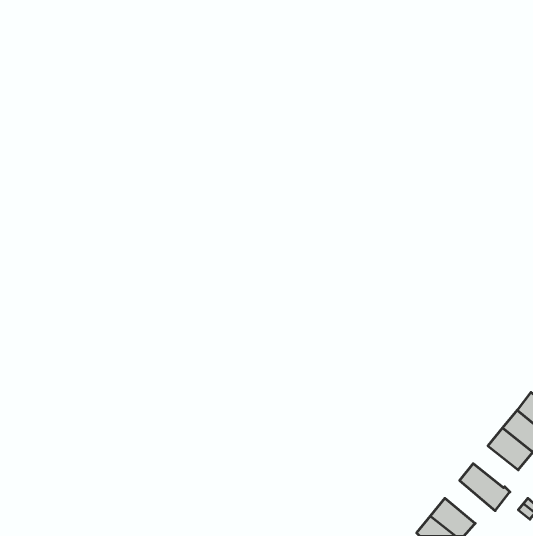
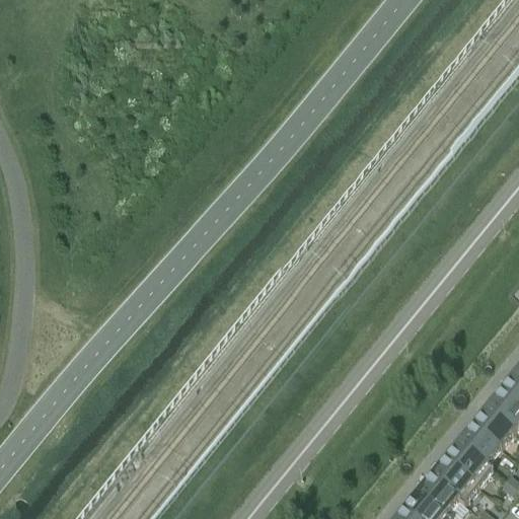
building: none -> [460,431,504,471]
building: none -> [433,464,481,512]

